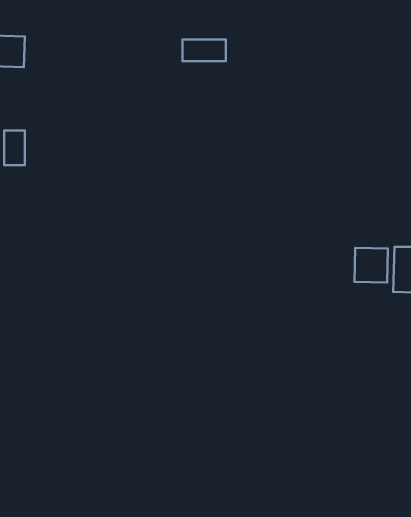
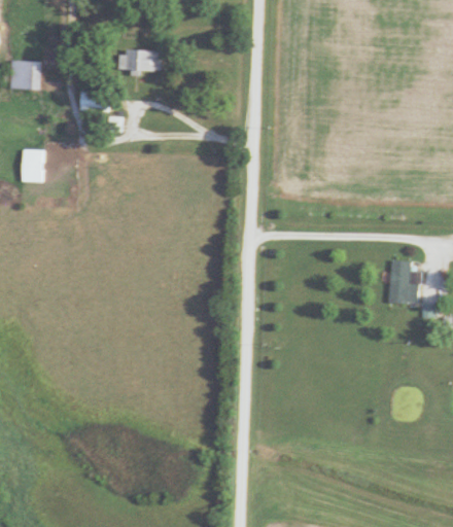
building: [182,39,226,61] -> [120,50,162,71]
building: [354,248,388,283] -> none

